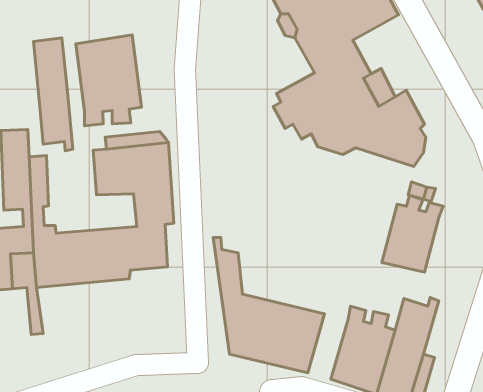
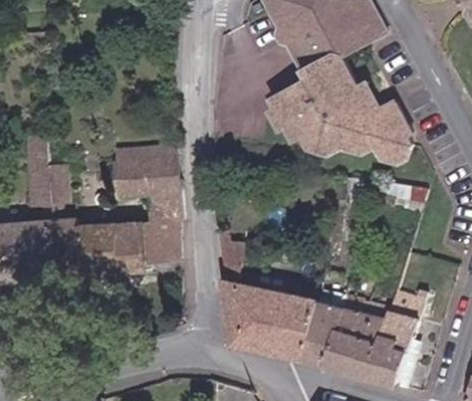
building: [76,35,141,126] -> none
building: [34,38,73,151] -> none
building: [382,195,443,272] -> none
building: none -> [303,303,340,363]

